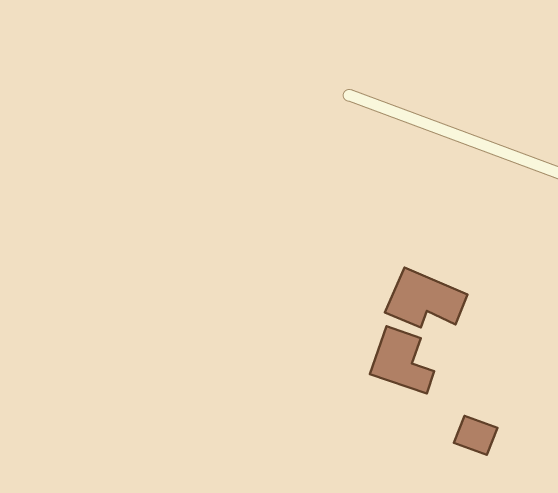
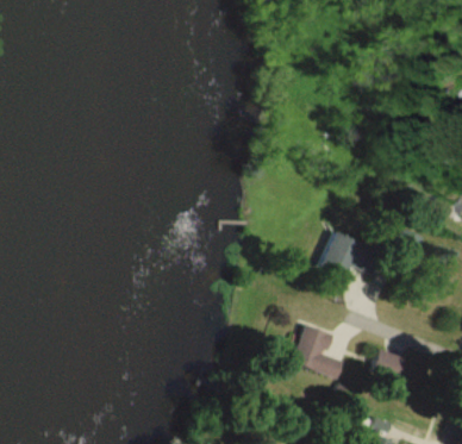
building: [370,326,434,393] -> [291,324,342,377]

